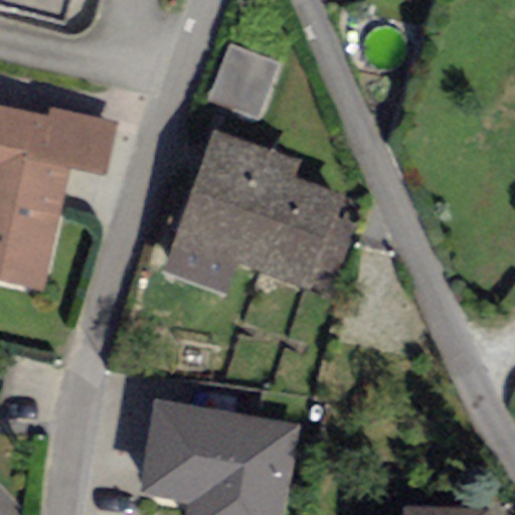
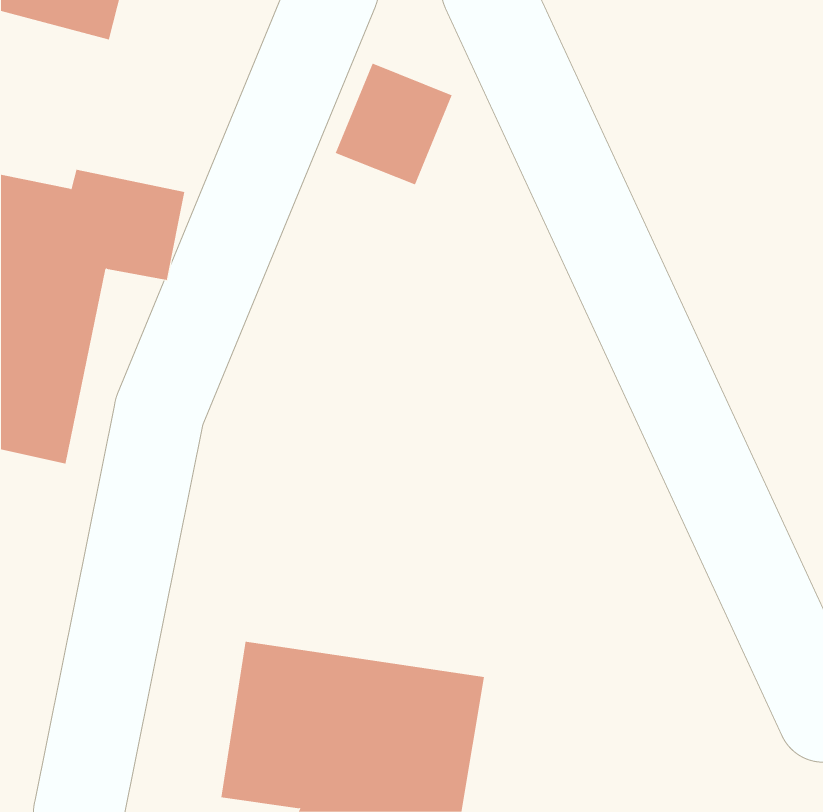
building: [174,135,345,291] -> none

